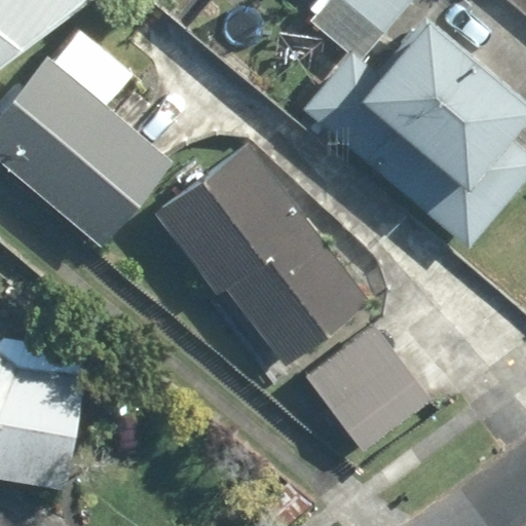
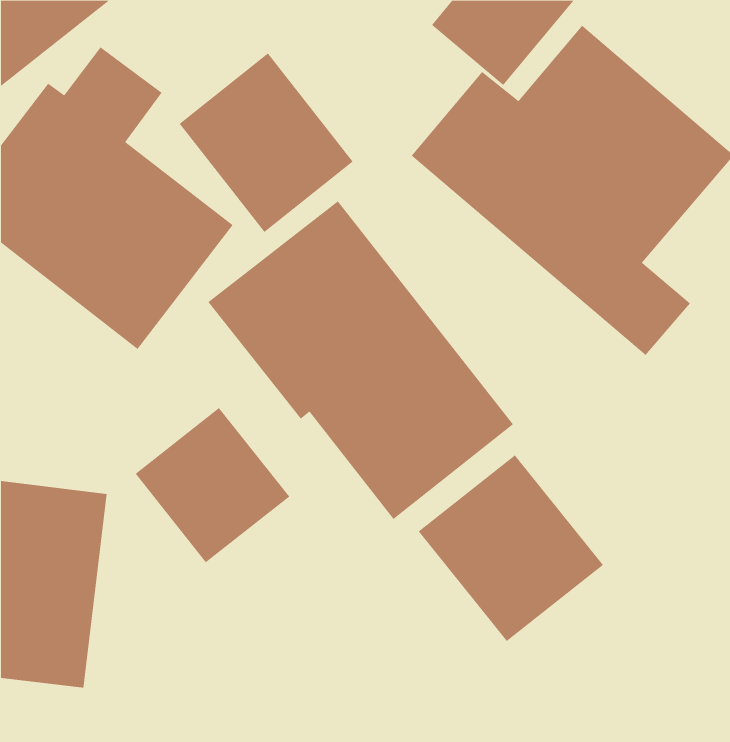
building: none -> [179,52,354,233]
building: none -> [135,407,290,563]

